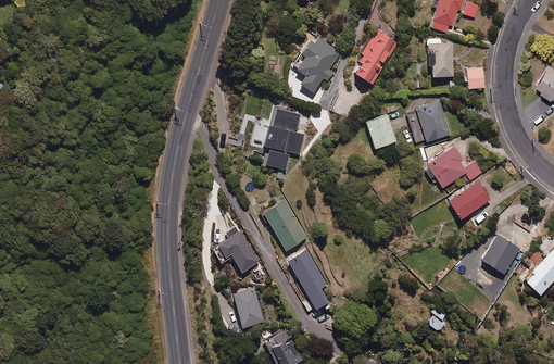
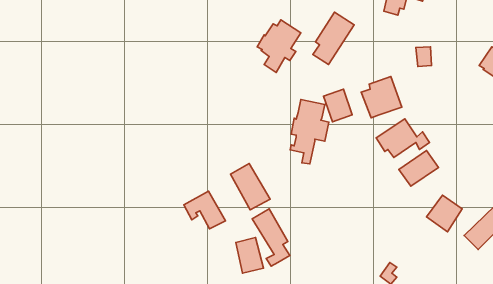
building: [427,40,453,79] -> none
building: [262,111,304,181] -> [290,99,329,164]
building: [232,285,263,324] -> [236,238,263,273]

